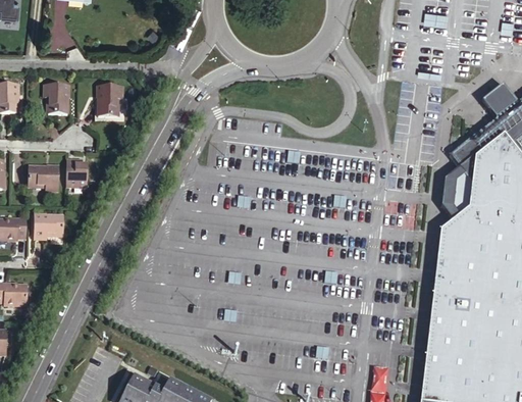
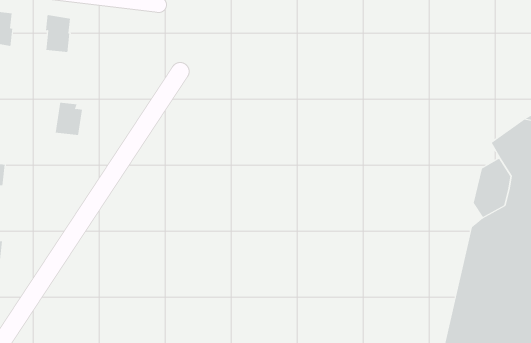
building: [99,89,121,117] -> none
building: [28,166,57,190] -> none
building: [32,215,62,239] -> none

